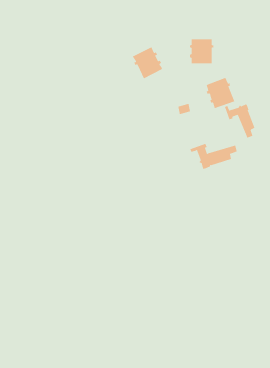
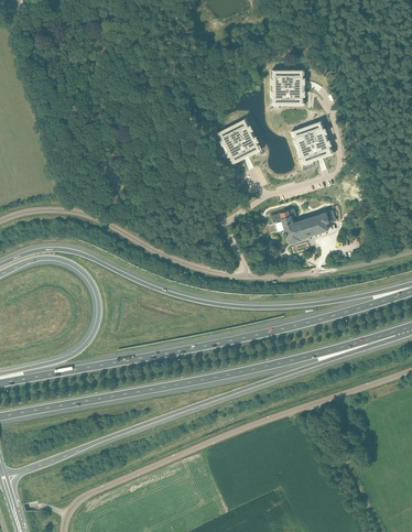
building: [132,47,163,79] -> [218,119,259,162]
building: [224,103,255,139] -> none

